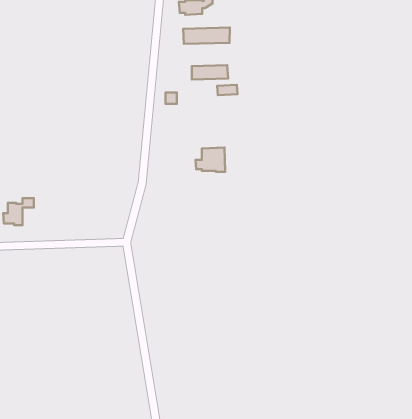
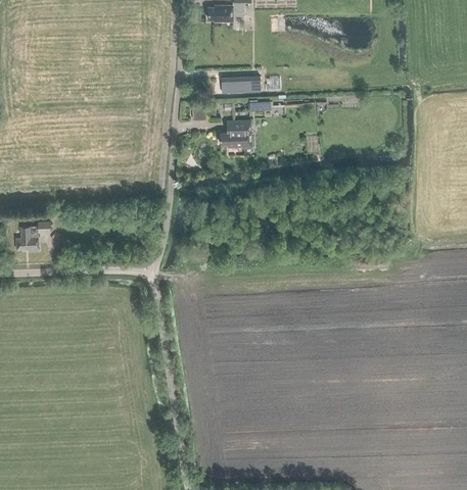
building: [183,28,230,44] -> none
building: [195,148,225,172] -> [218,122,250,149]

